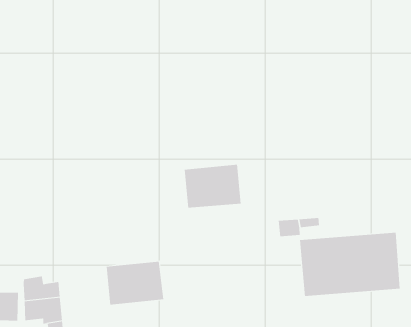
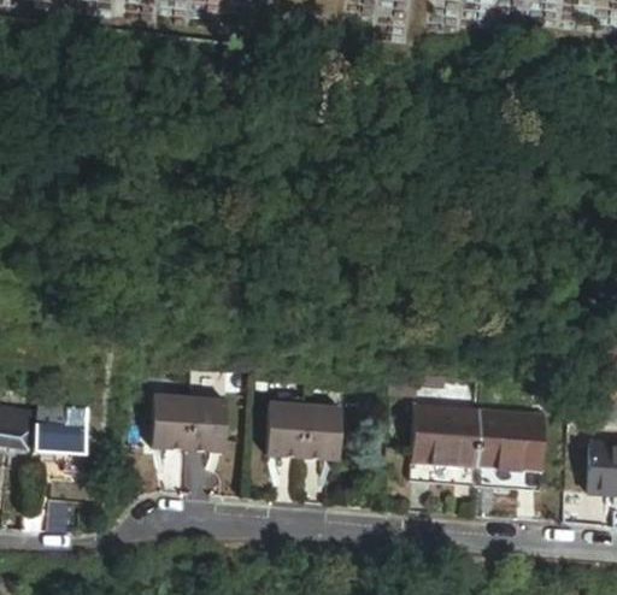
building: [184,164,241,208] -> [265,401,341,459]

